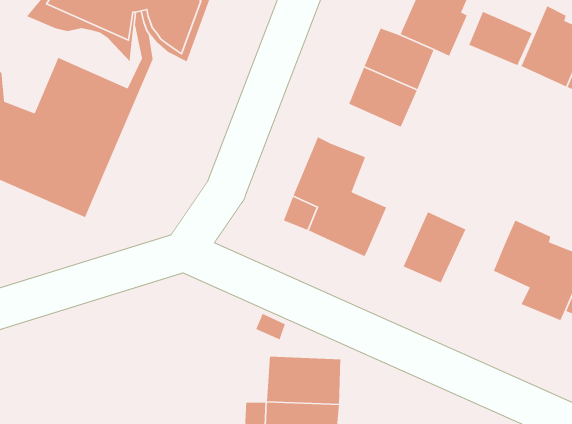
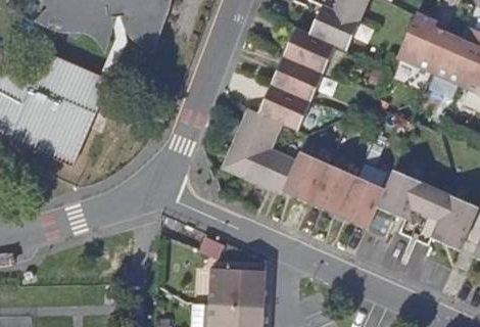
building: [468,11,533,66] -> none
building: none -> [258,84,309,129]
building: none -> [285,151,329,203]
building: none -> [339,176,385,228]

